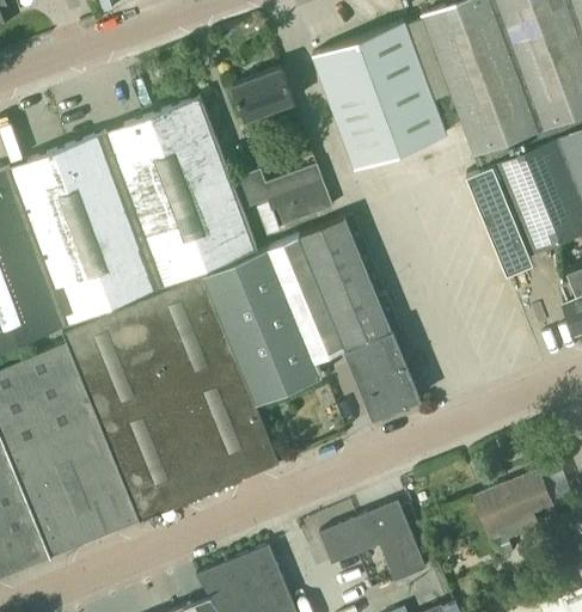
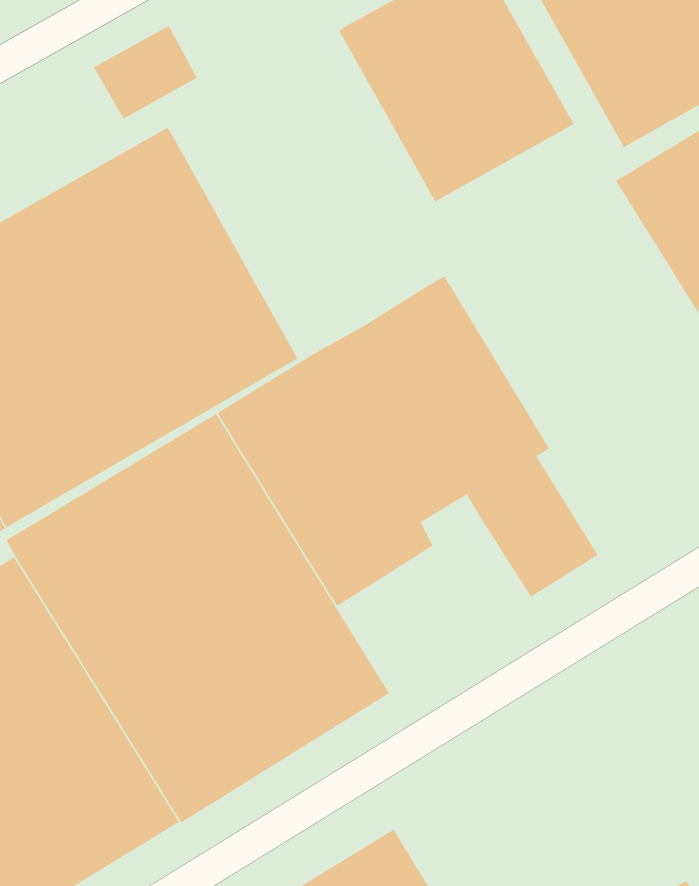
building: [232,69,294,122] -> [93,25,197,120]
building: [238,166,333,228] -> none
building: [319,502,425,583] -> none

